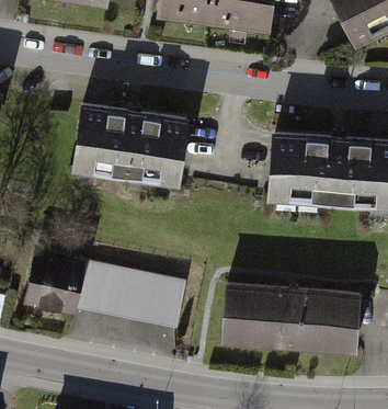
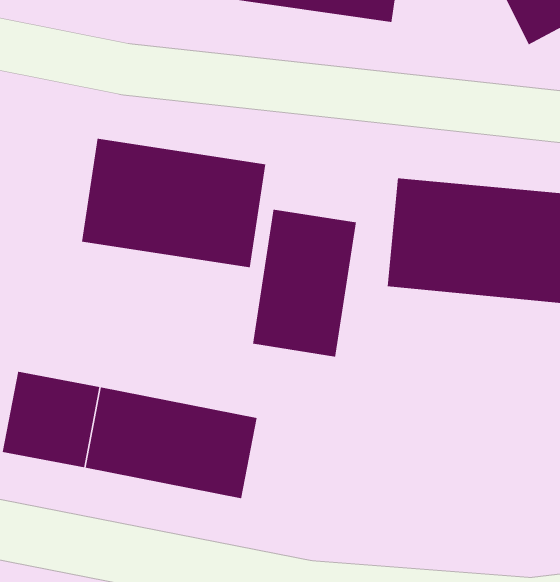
building: none -> [252,209,356,357]
building: [222,286,363,355] -> none

